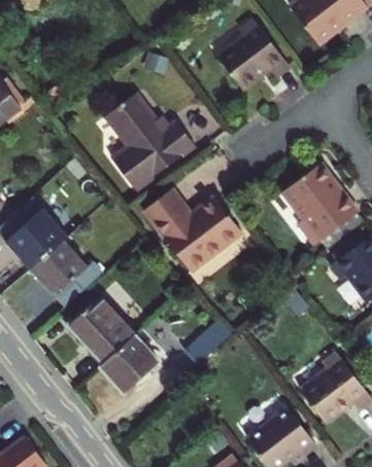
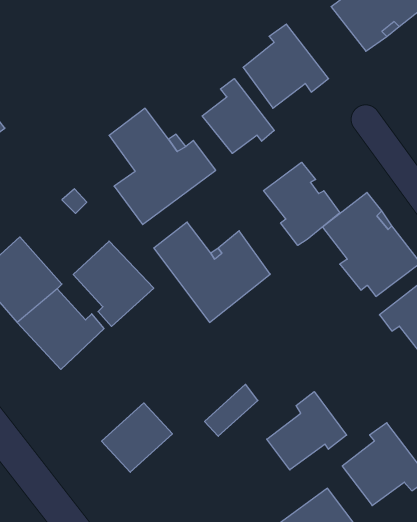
building: none -> [202,79,274,153]
building: none -> [264,162,340,245]
building: [69,297,136,368] -> [73,241,154,326]
building: none -> [267,392,347,470]

